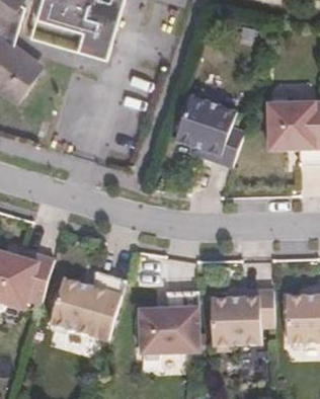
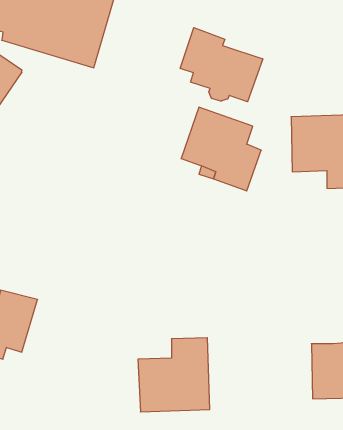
building: none -> [180,28,263,102]
building: [50,270,126,338] -> none
building: [211,288,273,343] -> none

